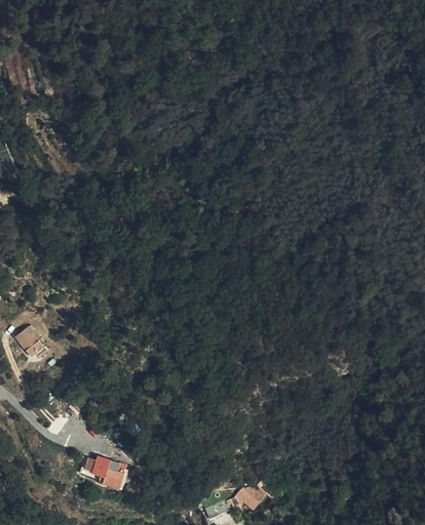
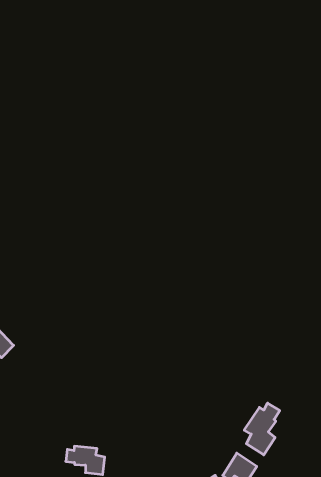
building: none -> [244,403,280,455]

